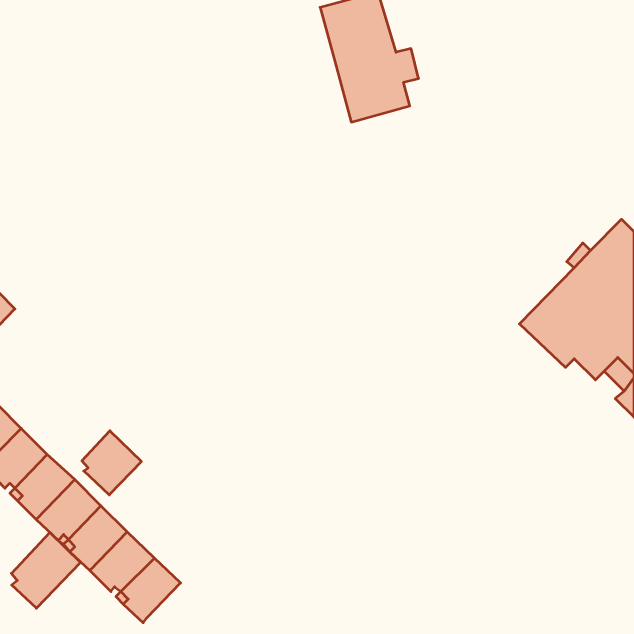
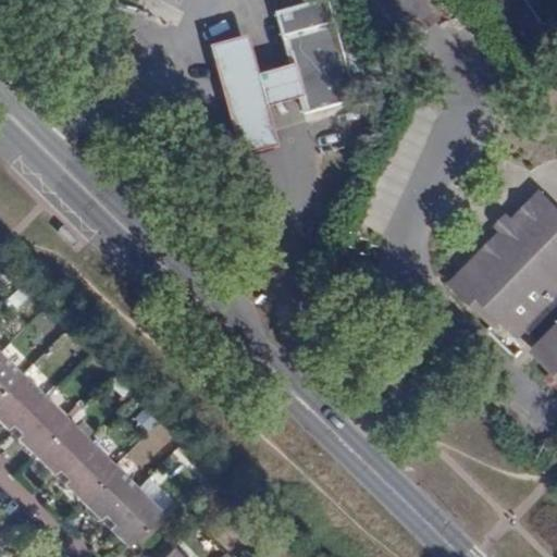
building: none -> [219,28,302,148]
building: [82,431,141,495] -> none
building: [11,532,81,608] -> none

